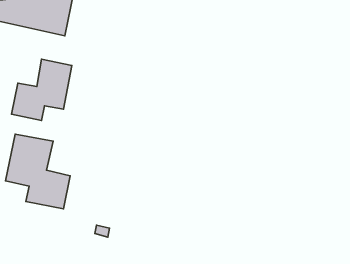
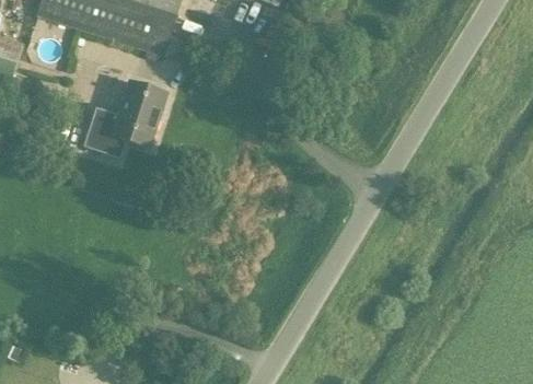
building: [5,134,70,209] -> none

